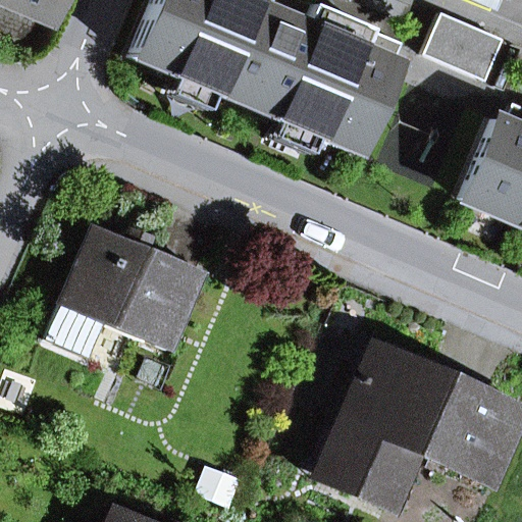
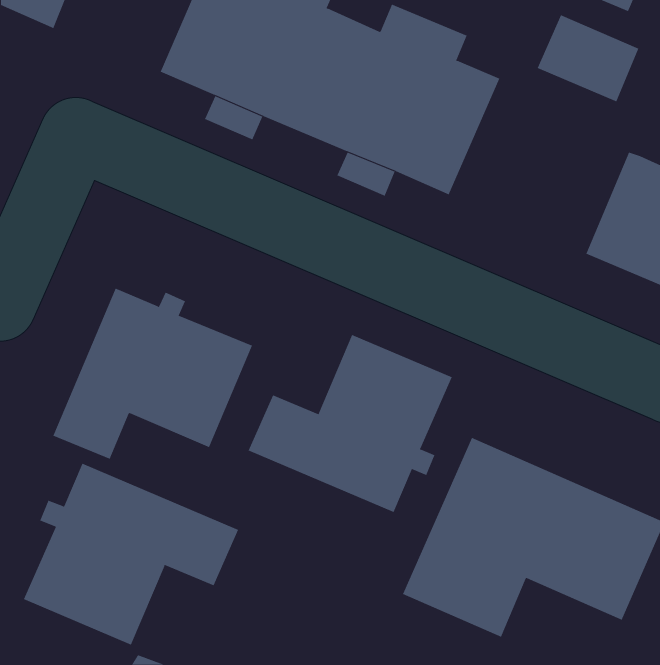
building: none -> [248,334,452,513]
building: none -> [23,463,239,646]

